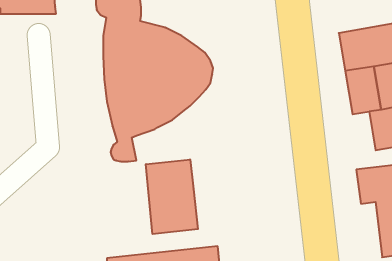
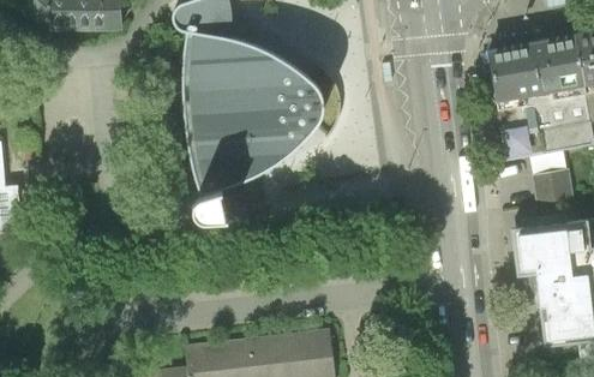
building: [146,159,198,234] -> none

